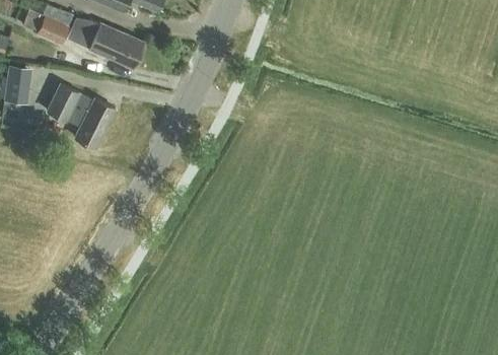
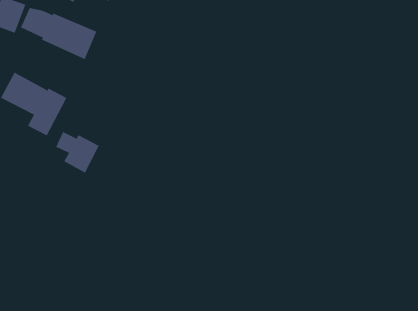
building: none -> [55,131,100,173]

